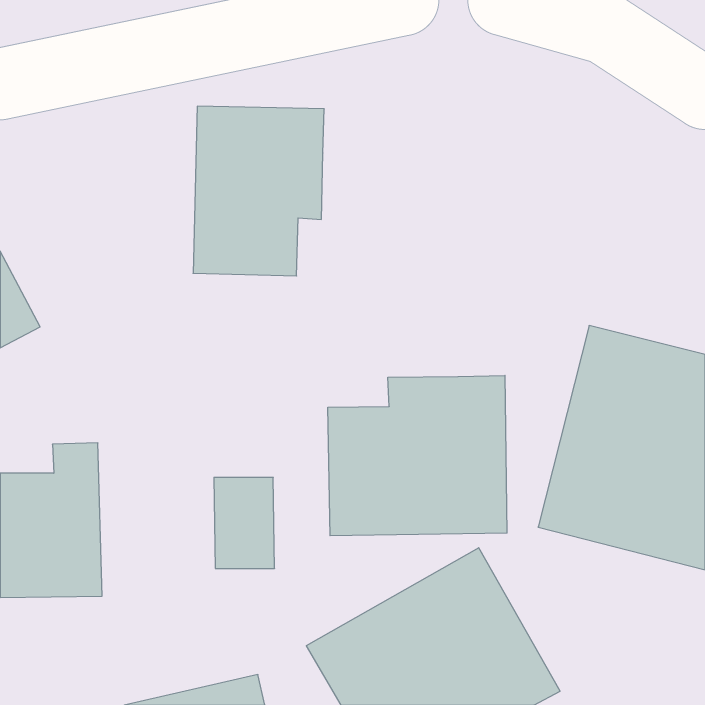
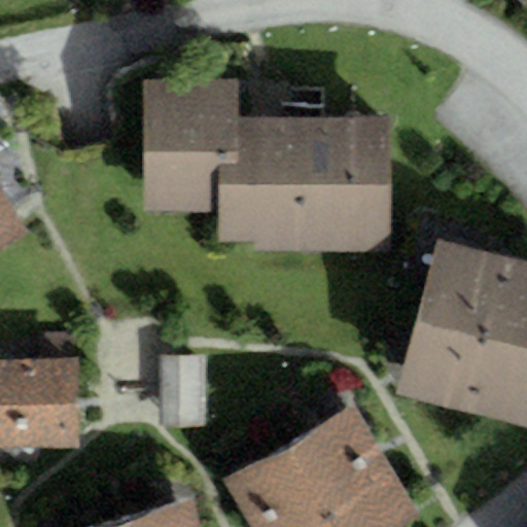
building: none -> [220,114,389,247]
building: [328,375,507,536] -> none

